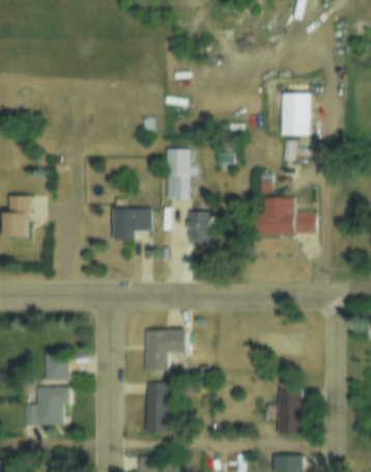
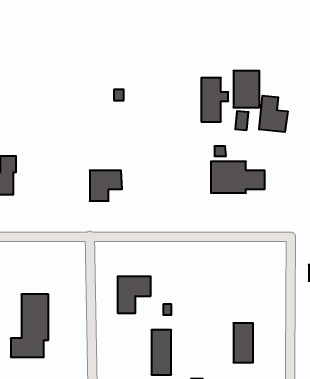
building: none -> [259,96,288,132]
building: [167,149,198,200] -> [201,78,228,122]
building: [189,212,211,244] -> none
building: [147,383,170,435] -> [151,330,171,375]

